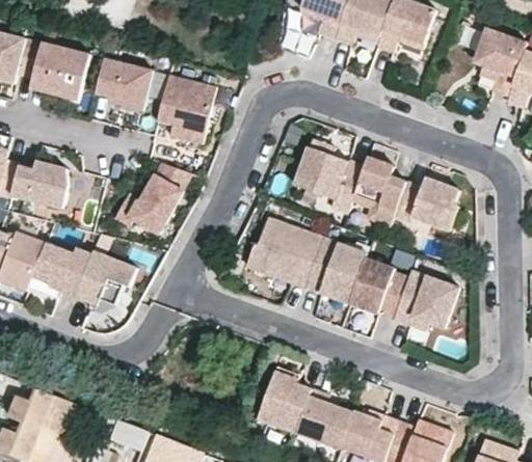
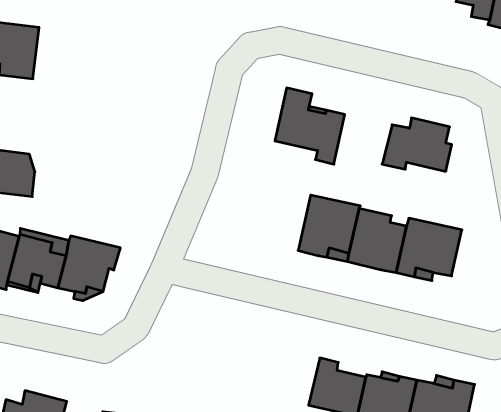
building: [96,57,152,109] -> none
building: [155,76,213,144] -> none
building: [346,157,404,226] -> none
building: [119,160,190,232] -> none
building: [245,217,321,288] -> none
building: [258,366,312,432] -> none

